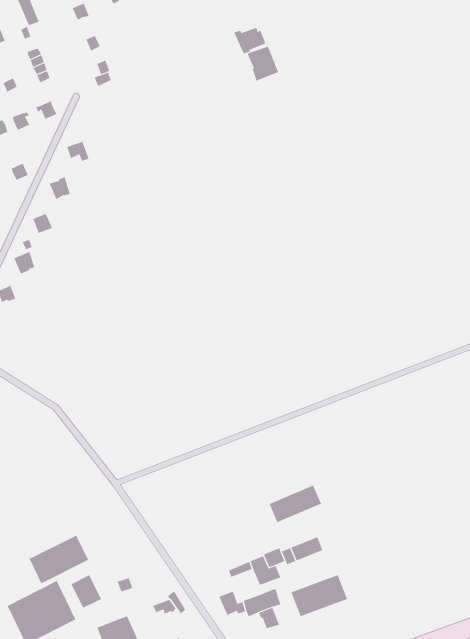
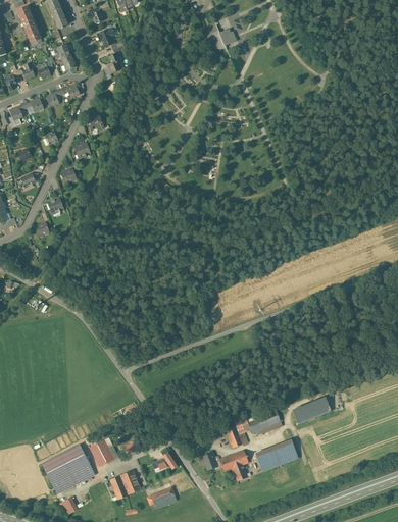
building: [247,46,279,82] -> none
building: [269,485,322,523] -> [292,396,332,424]
building: [29,535,89,584] -> none

